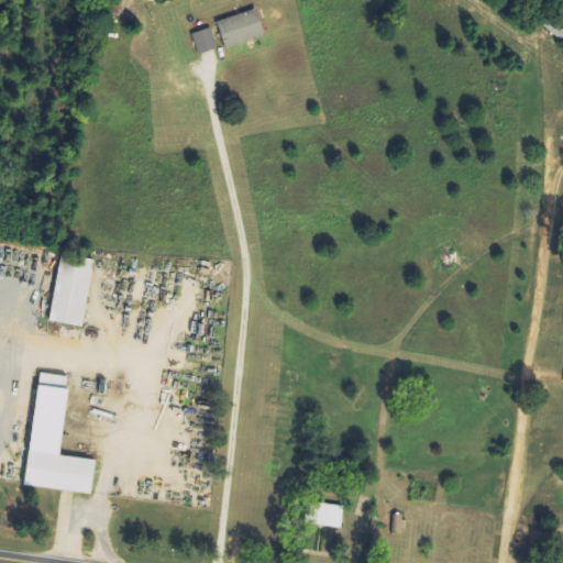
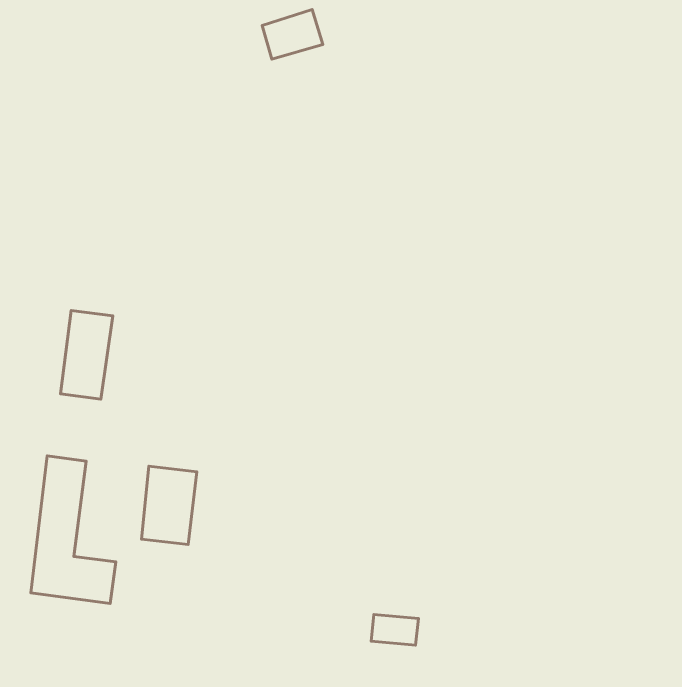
building: [189,27,214,55] -> none
building: none -> [142,466,197,545]

